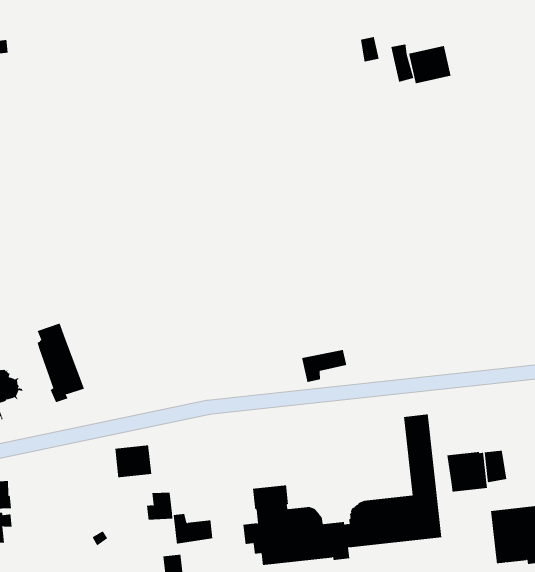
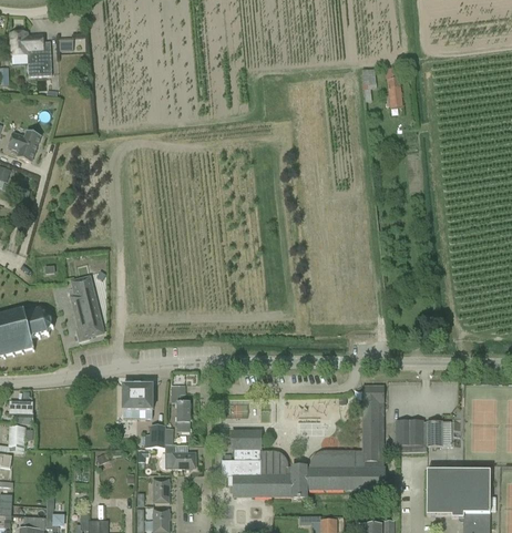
building: [409,45,451,84] -> none
building: [302,349,347,383] -> none
building: none -> [171,385,190,430]

